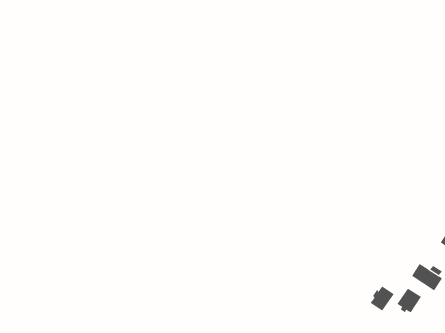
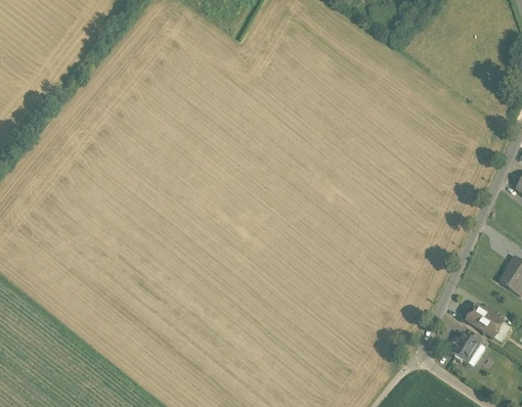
building: [370,285,394,311] -> none

